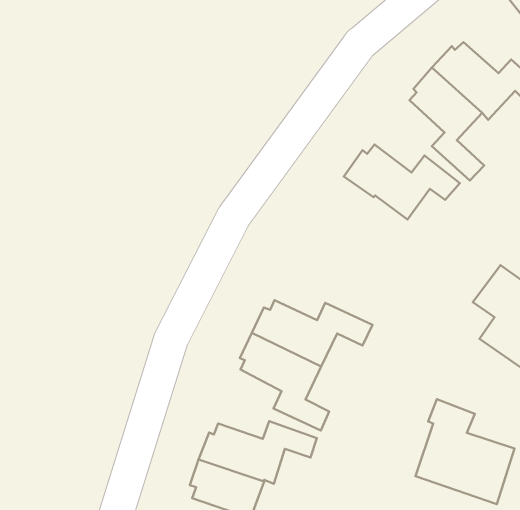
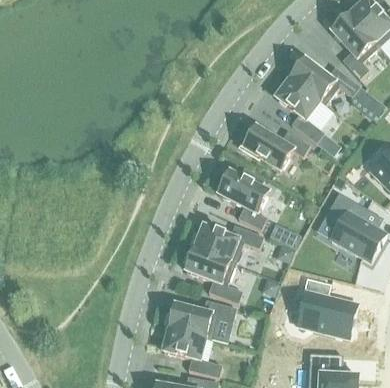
building: none -> [218,168,268,228]

